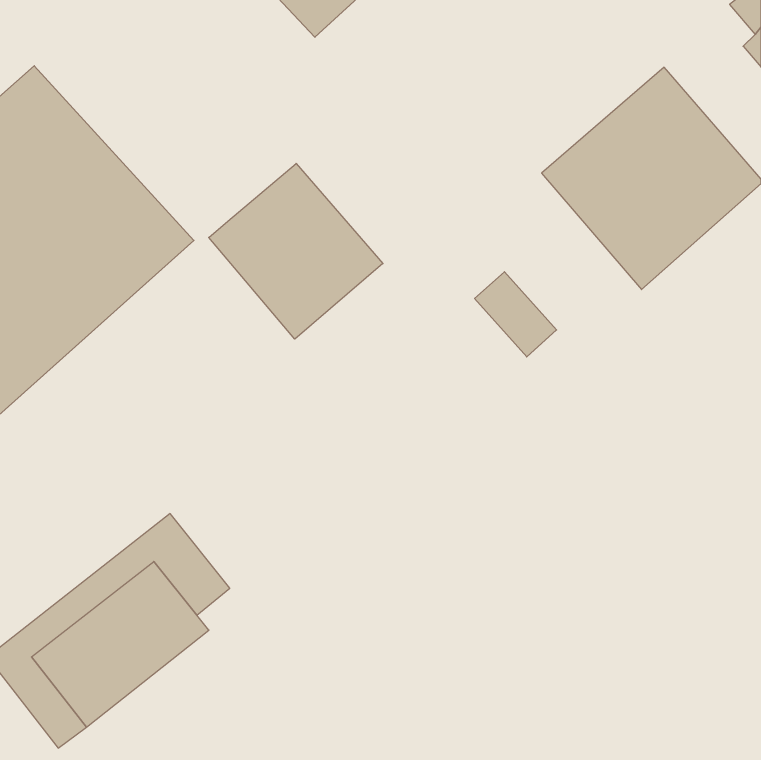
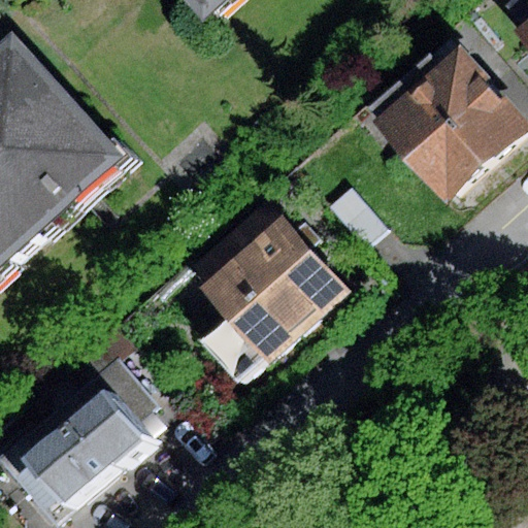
building: [209,163,383,339] -> none
building: none -> [199,214,348,384]

